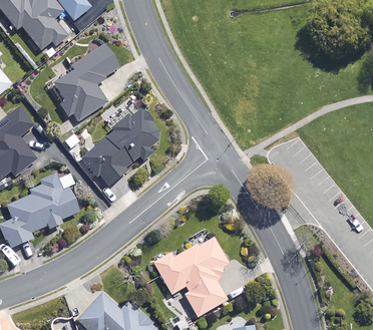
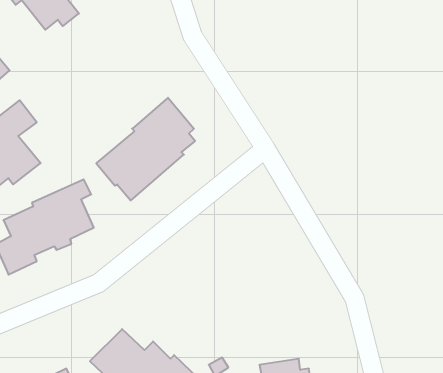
building: [53,46,118,121] -> none
building: [152,237,228,316] -> none

